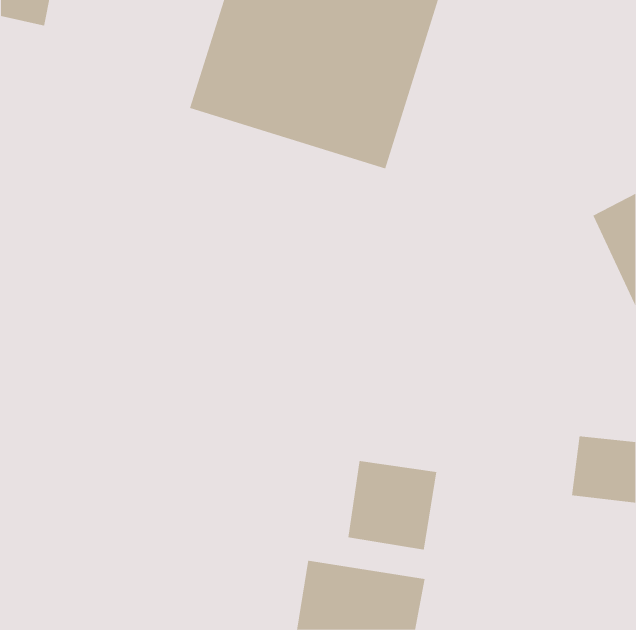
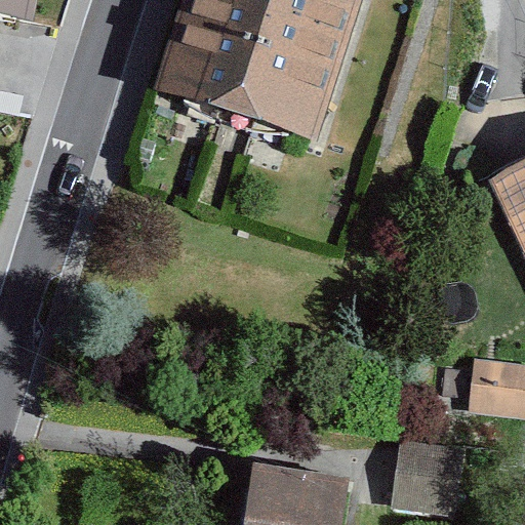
building: [347,460,437,550] -> [392,441,466,515]

